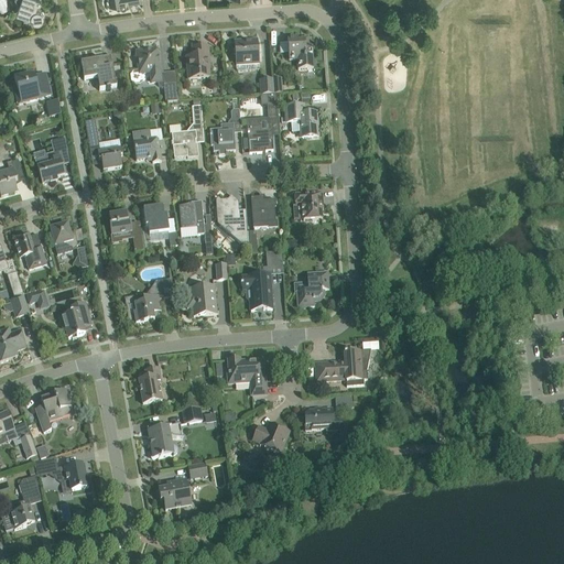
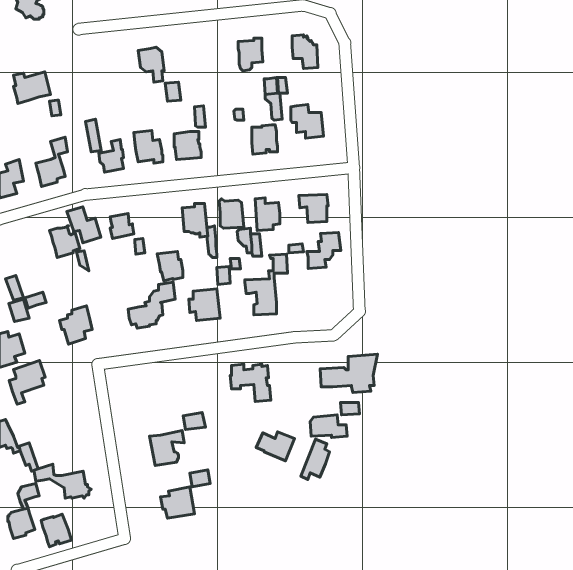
building: [185,43,209,77] -> none
building: [79,53,115,87] -> none
building: [208,121,235,153] -> none
building: [142,204,167,232] -> [157,251,183,281]
building: [12,232,45,268] -> [67,207,101,243]
building: [295,270,328,305] -> [307,232,341,268]
building: [138,366,161,402] -> none
building: [35,388,70,431] -> [9,360,45,404]
building: none -> [301,439,330,480]
building: none -> [41,514,71,547]

